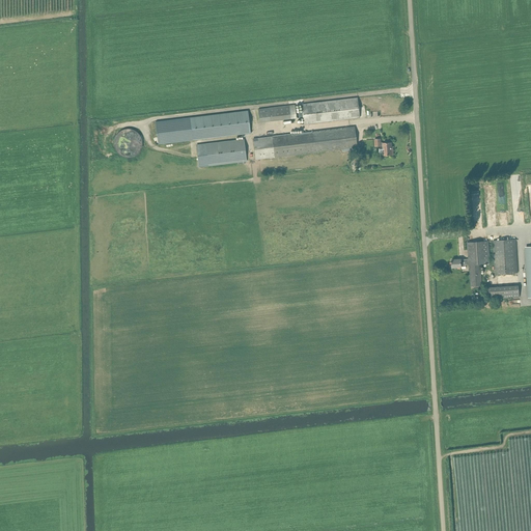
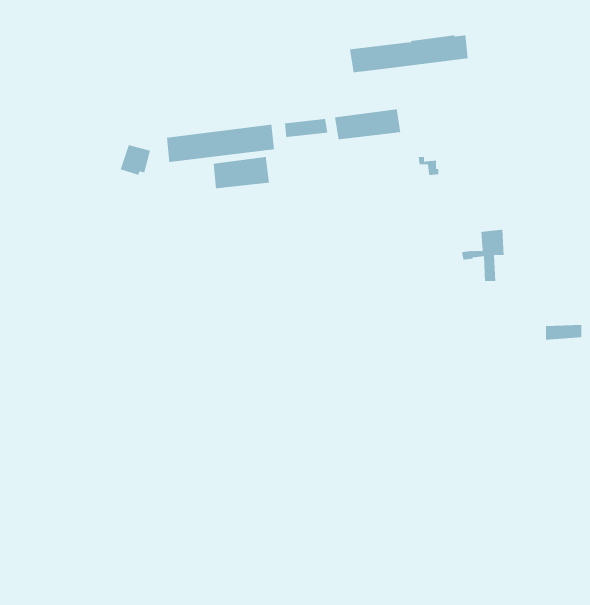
building: [253,125,357,159] -> [349,35,468,73]
building: [493,239,518,273] -> none
building: [451,240,488,285] -> [462,229,504,282]

